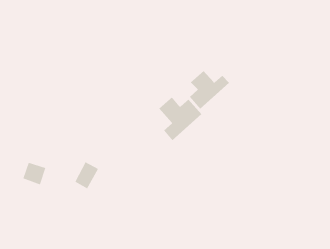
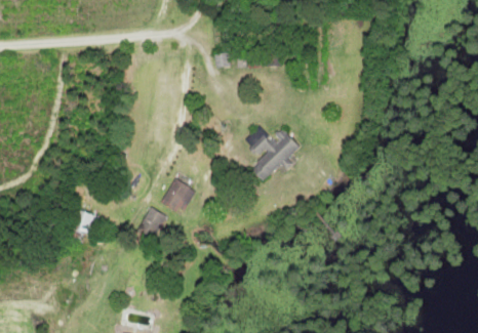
building: [189,70,230,109] -> none
building: none -> [160,179,194,213]

